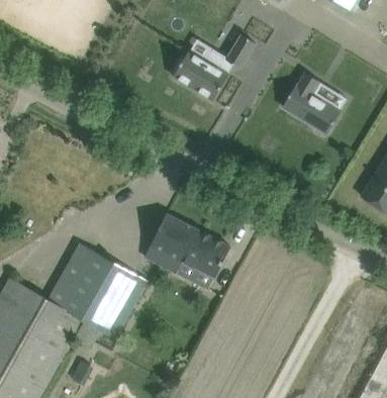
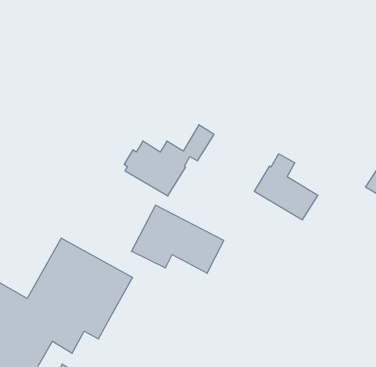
building: [172,34,255,100] -> [124,125,214,196]
building: [282,73,341,133] -> [254,154,318,220]

